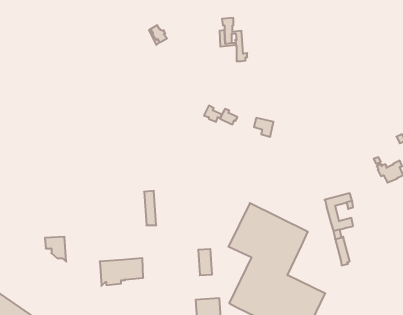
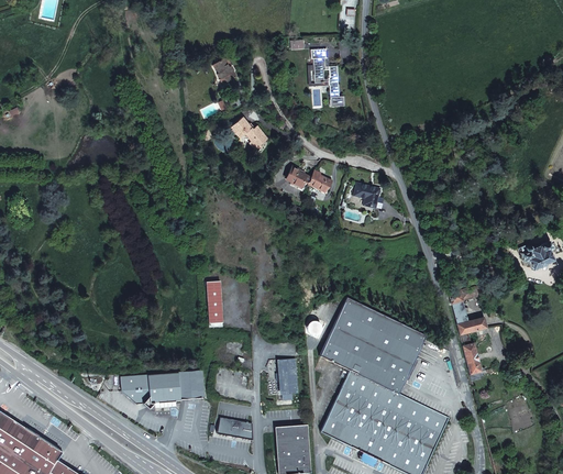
building: none -> [227,117,267,153]
building: [45,237,66,262] -> [120,375,148,408]
building: none -> [217,417,252,440]

